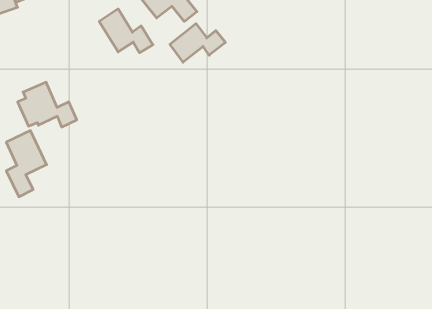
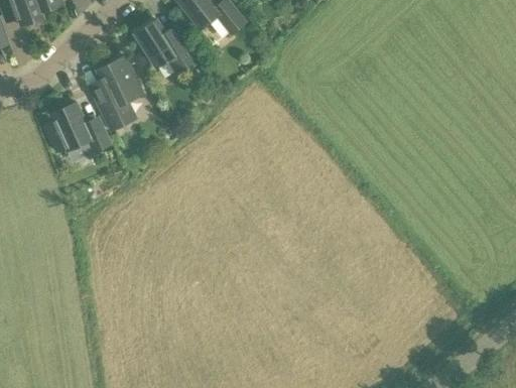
building: [170,24,225,62] -> none
building: [6,131,47,197] -> [97,55,142,130]

